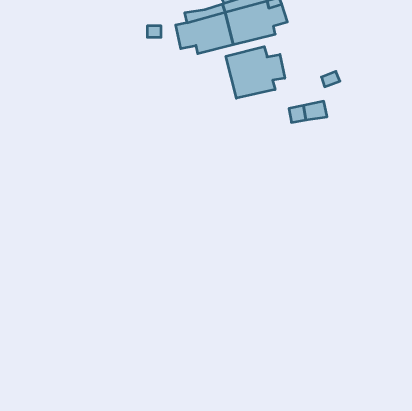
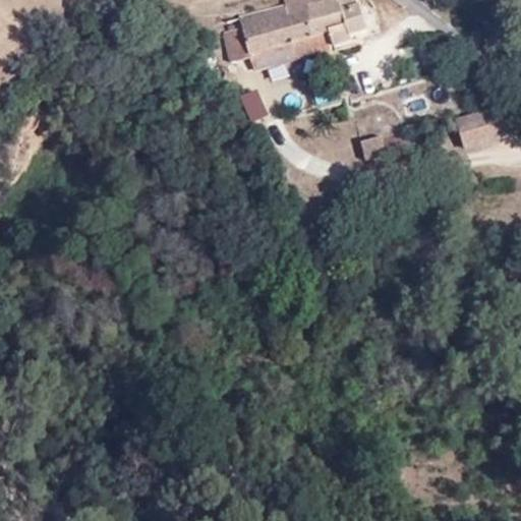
building: [226,47,285,98] -> none
building: none -> [458,112,495,147]

